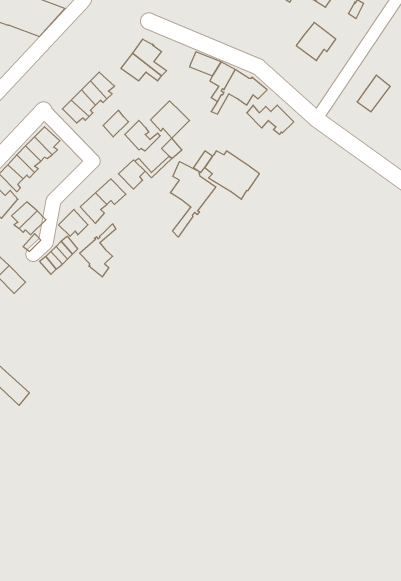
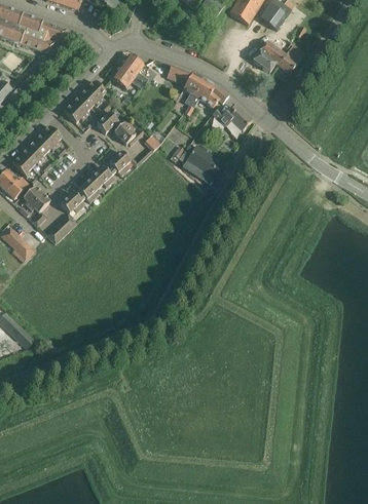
building: [357,75,390,112] -> [278,43,304,73]
building: [151,101,190,138] -> none
building: [170,162,216,237] -> none
building: [80,224,116,277] -> none

